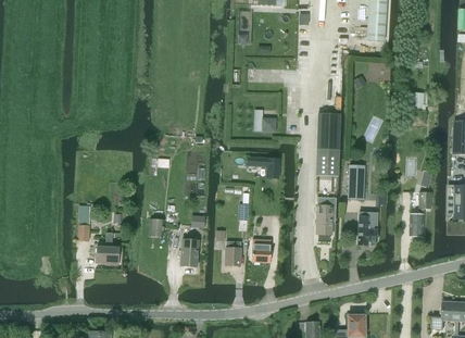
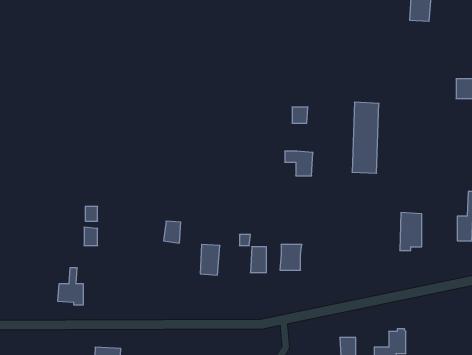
building: [348,164,364,199] -> none
building: [315,197,336,239] -> none
building: [96,233,118,265] -> [58,268,83,305]

